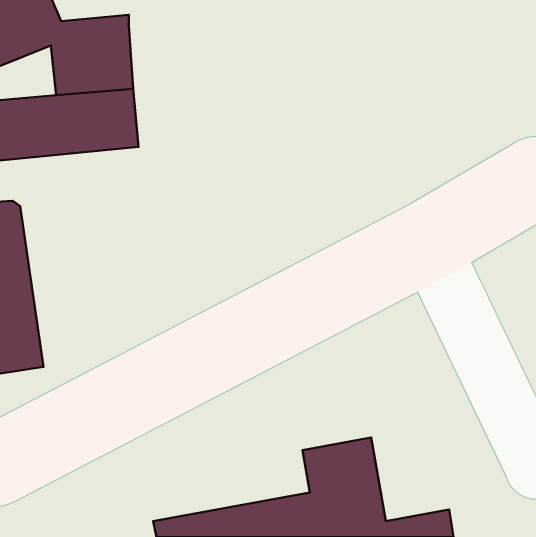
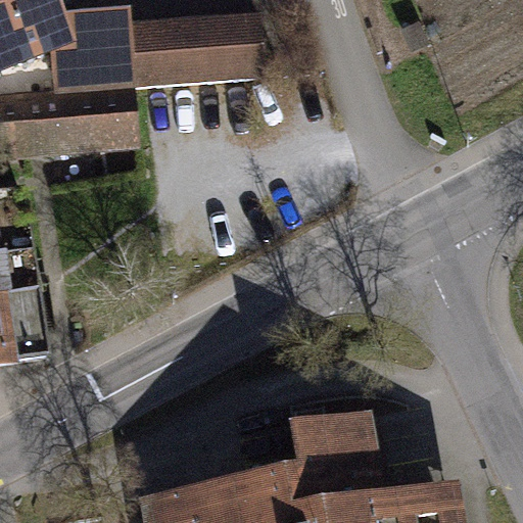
building: none -> [125,15,258,86]

